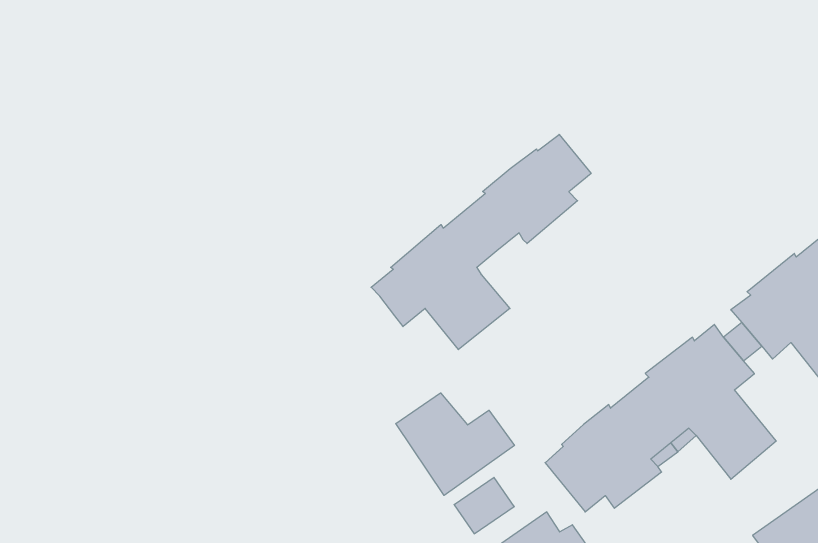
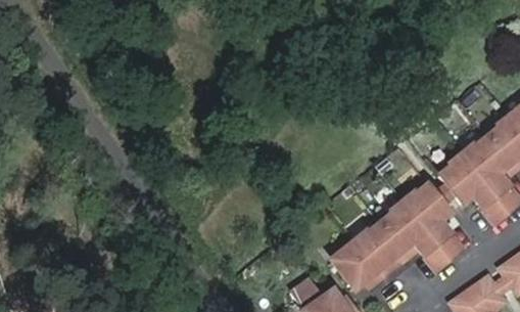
building: [371,134,591,350] -> none
building: [396,393,514,495] -> none

